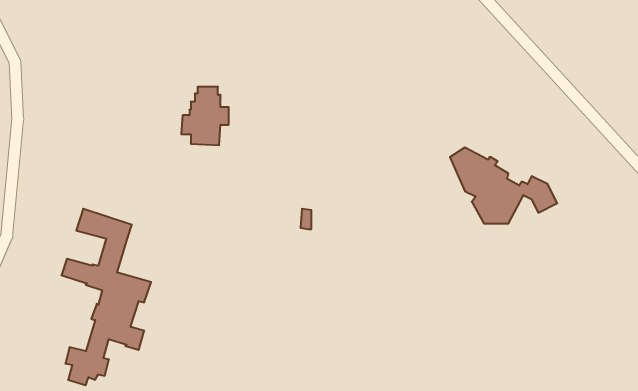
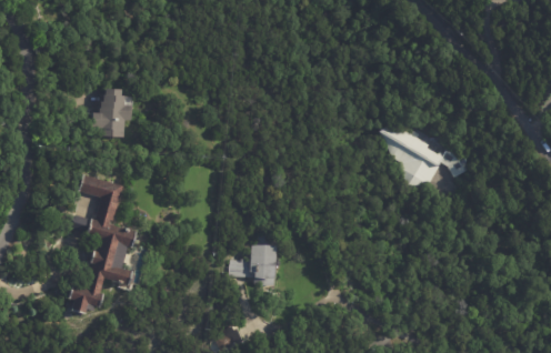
building: [181,87,229,145] -> [92,89,131,137]
building: none -> [229,235,278,285]

